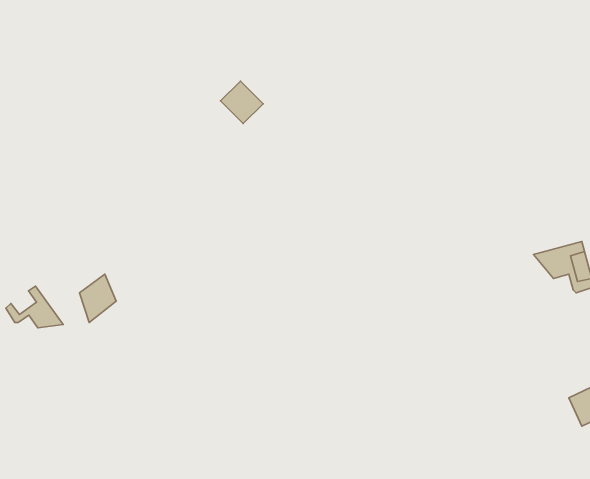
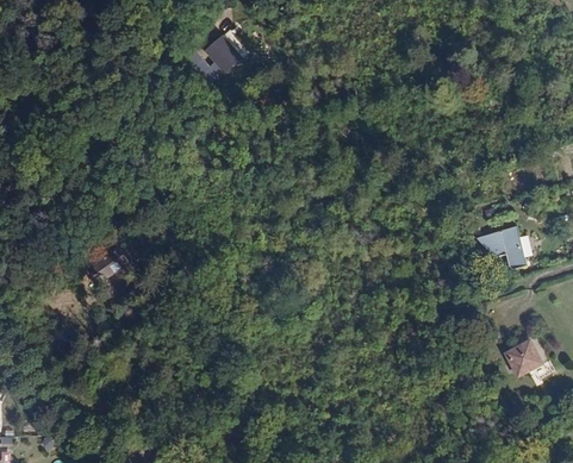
building: [220,81,263,124] -> [201,39,237,75]
building: [6,286,63,328] -> none

